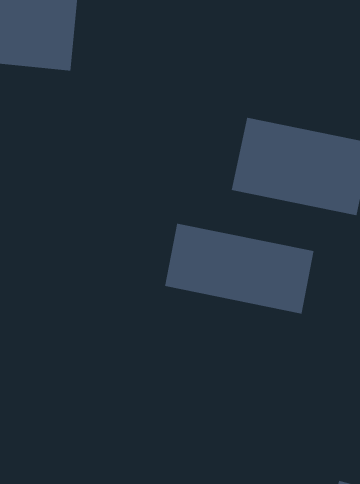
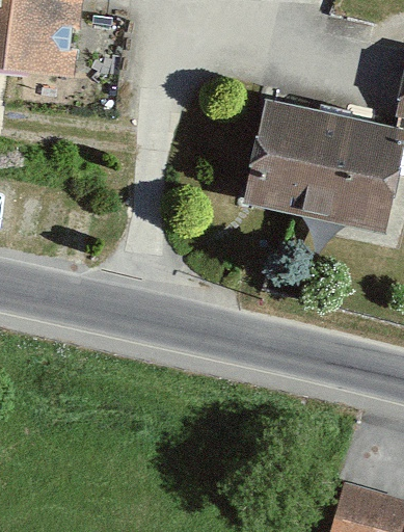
building: [165,223,314,314] -> none

